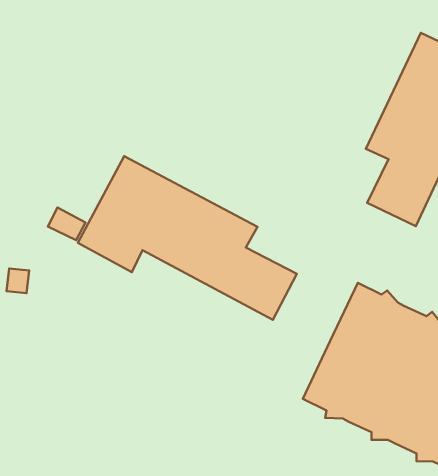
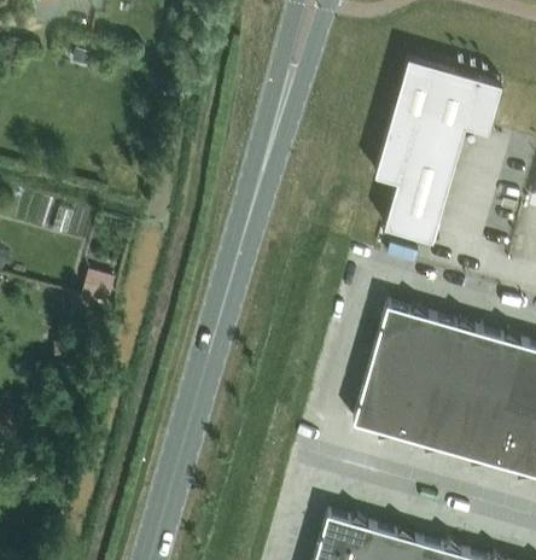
building: [78,156,297,320] -> none

